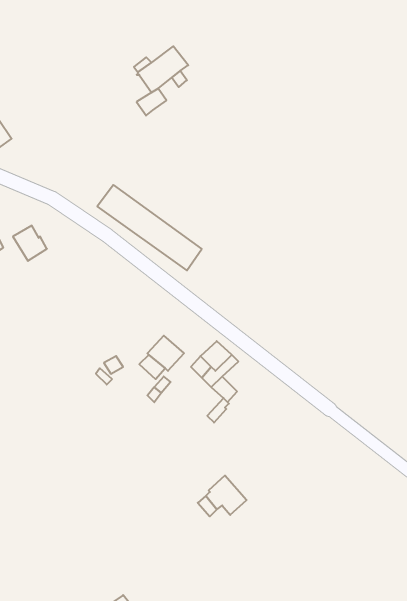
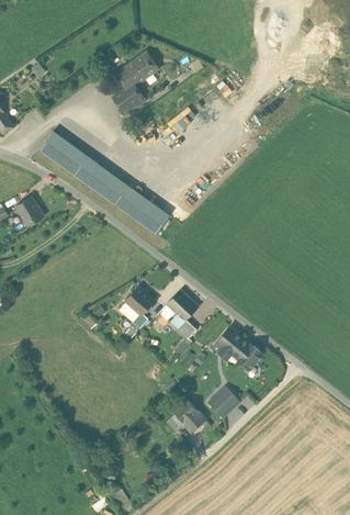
building: none -> [39,131,97,181]
building: none -> [212,325,261,368]
building: none -> [207,385,238,417]

